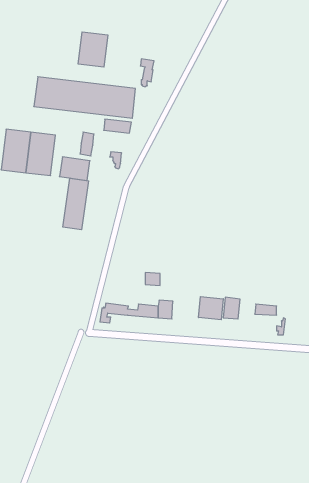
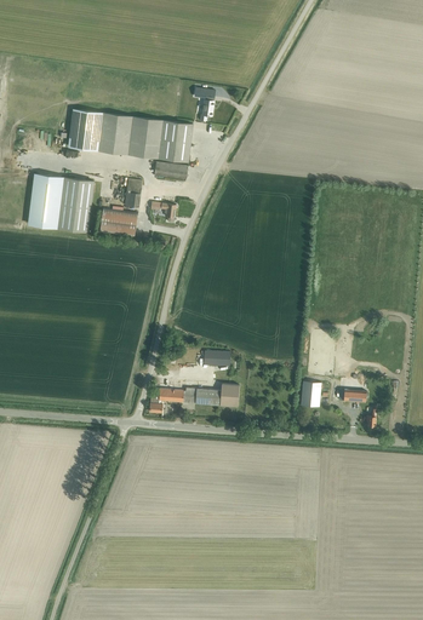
building: [78,32,108,67] -> none
building: [63,178,89,230] -> none
building: [199,297,223,320] -> none

